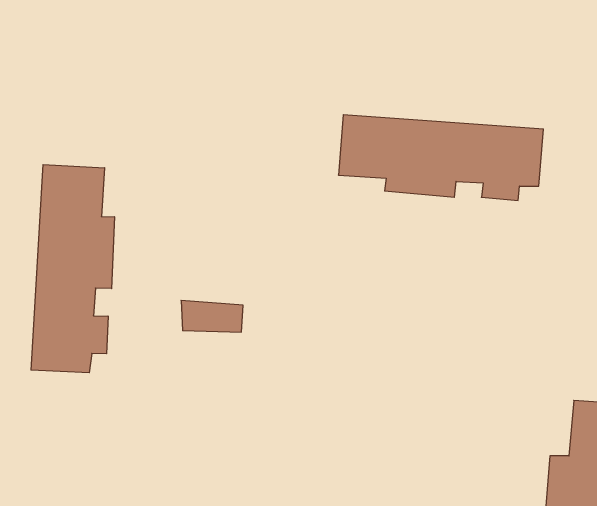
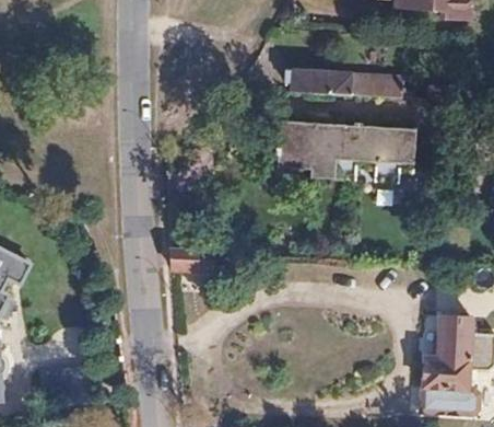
building: none -> [280,68,404,97]
building: [31,165,114,373] -> none

